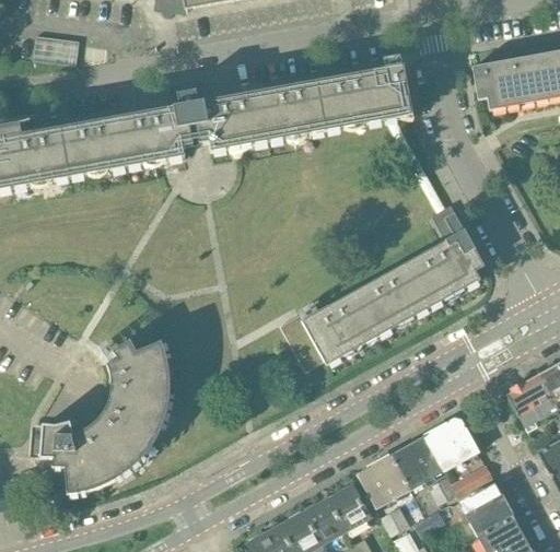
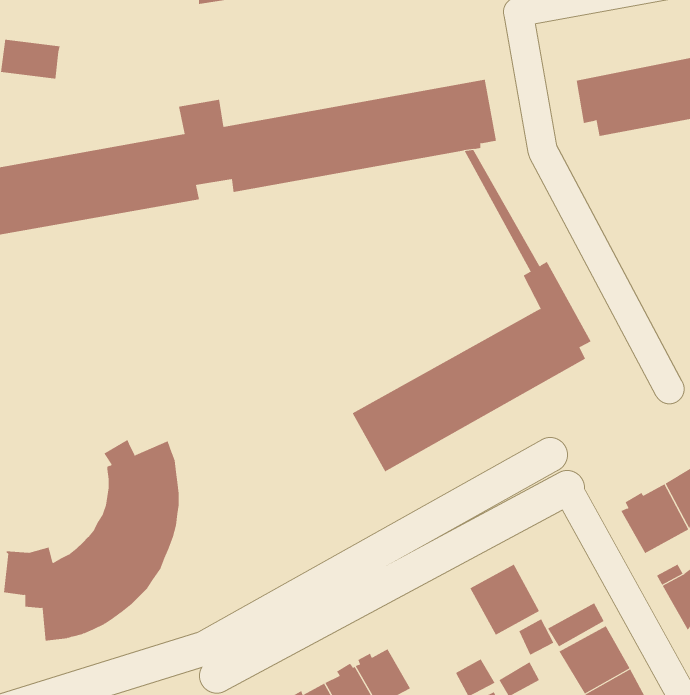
building: [424,418,478,470] -> none
building: [355,453,410,507] -> none
building: [328,484,369,529] -> none

